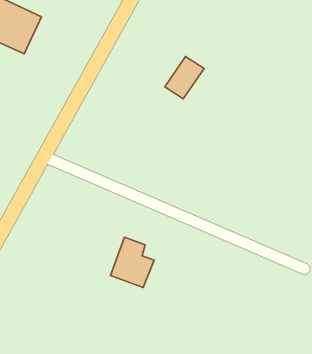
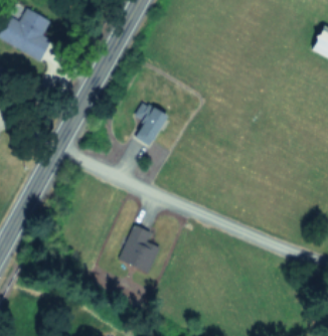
building: [165,56,204,99] -> [132,107,168,146]

